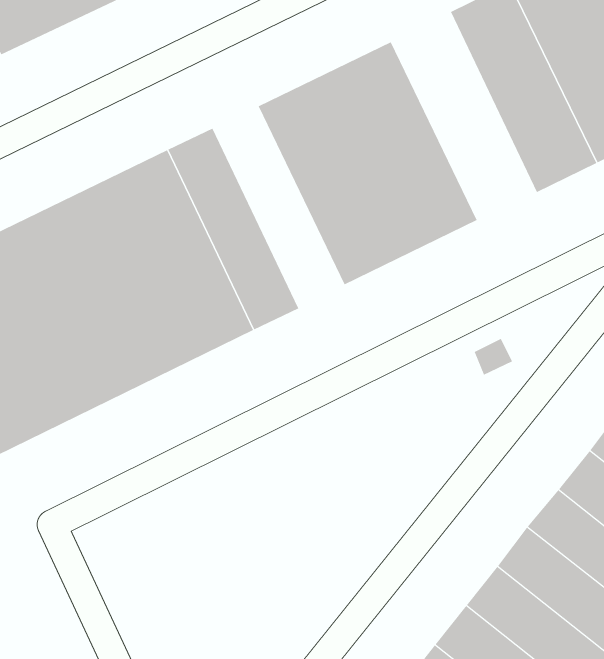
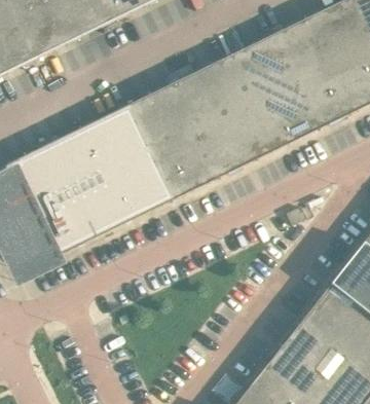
building: none -> [242,35,318,144]
building: none -> [148,84,217,190]

